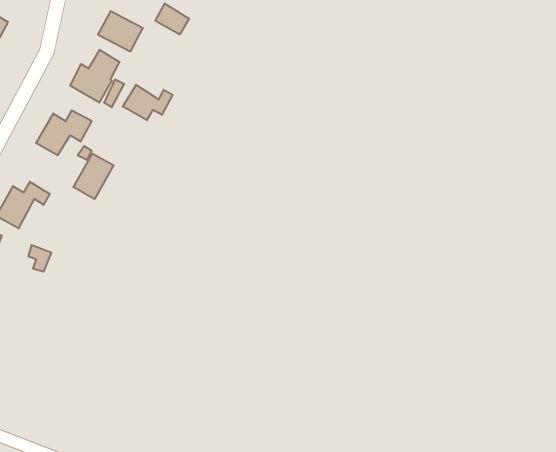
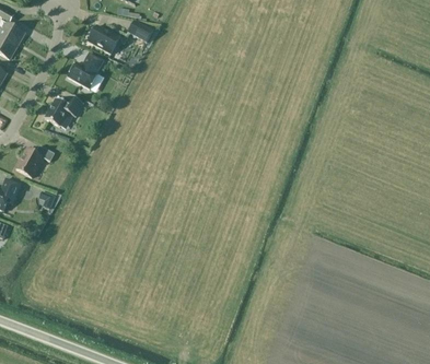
building: [123,85,173,120] -> none
building: [73,154,114,199] -> none

